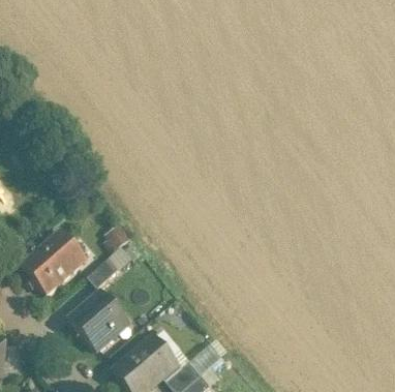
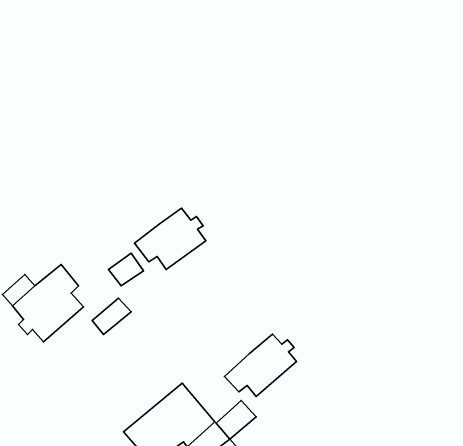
building: none -> [134,208,206,270]
building: none -> [224,334,297,396]
building: [70,292,125,352] -> none

